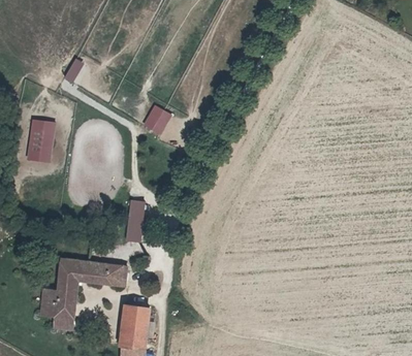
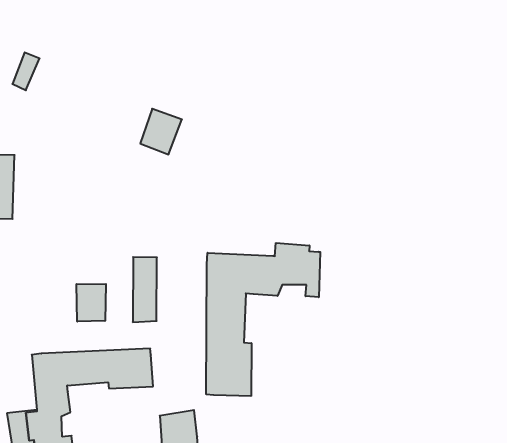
building: none -> [206,243,320,396]
building: none -> [77,284,106,322]

